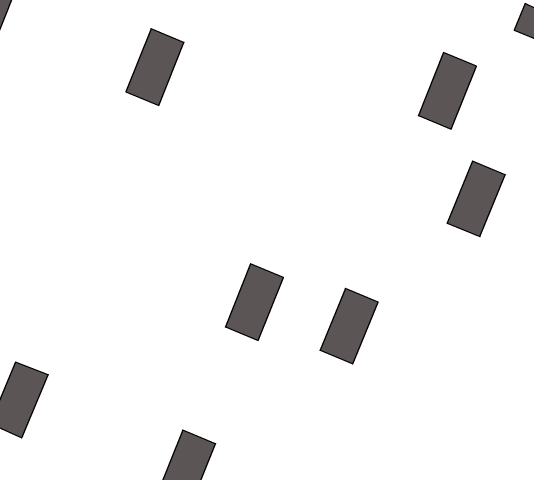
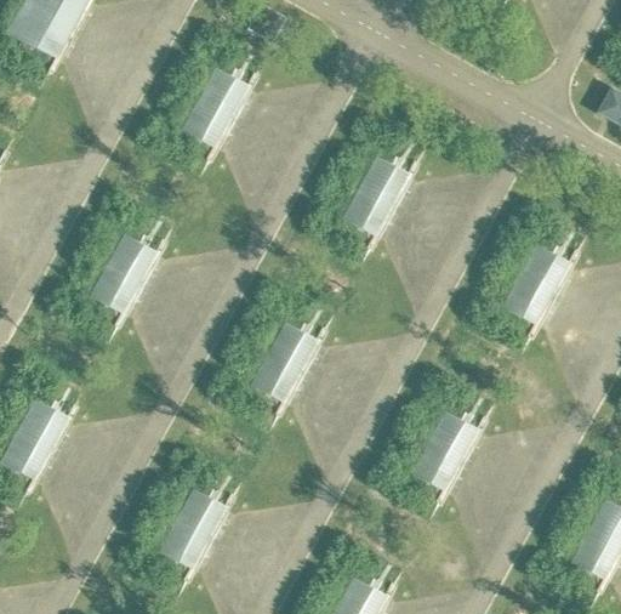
building: [418,53,476,129] -> [346,158,412,239]
building: none -> [87,232,154,313]
building: [320,288,378,364] -> [409,409,475,489]

